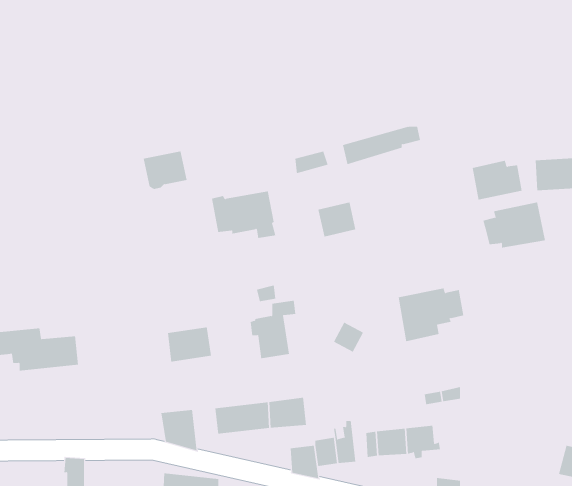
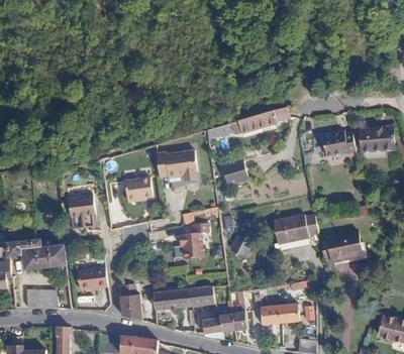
building: [143,151,187,189] -> [120,175,149,201]
building: [483,202,546,248] -> [319,230,361,260]
building: none -> [68,194,94,217]
building: [167,327,212,362] -> [77,265,106,288]
building: none -> [23,288,58,308]

